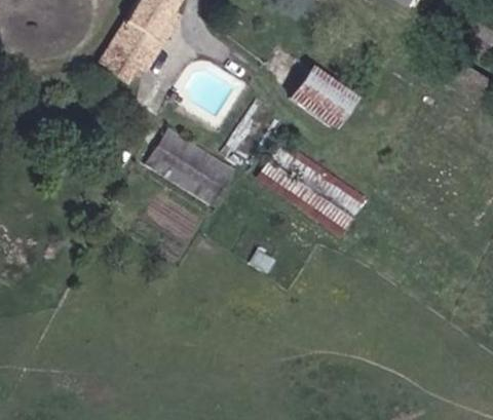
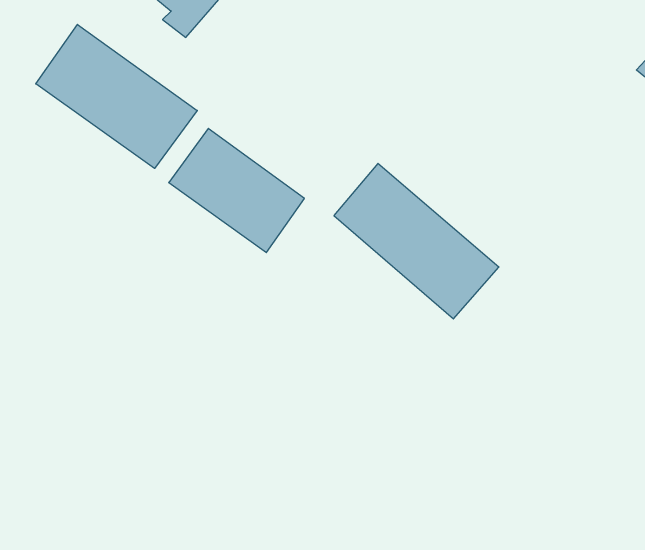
building: [291,66,363,131] -> none
building: none -> [36,24,197,168]

